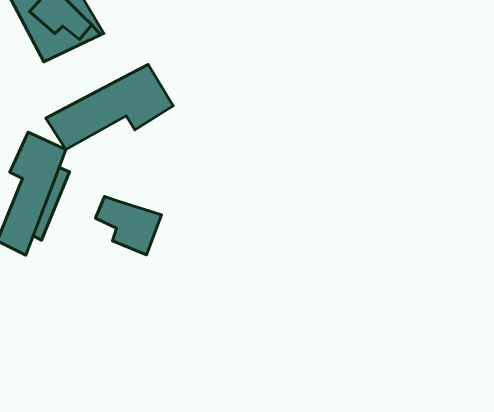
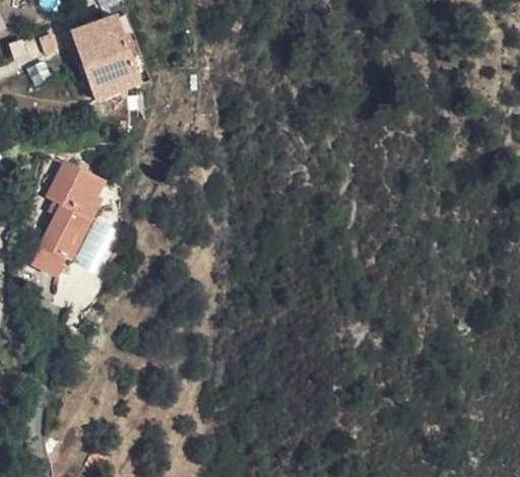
building: [46,65,173,150] -> none
building: [95,196,162,255] -> none

